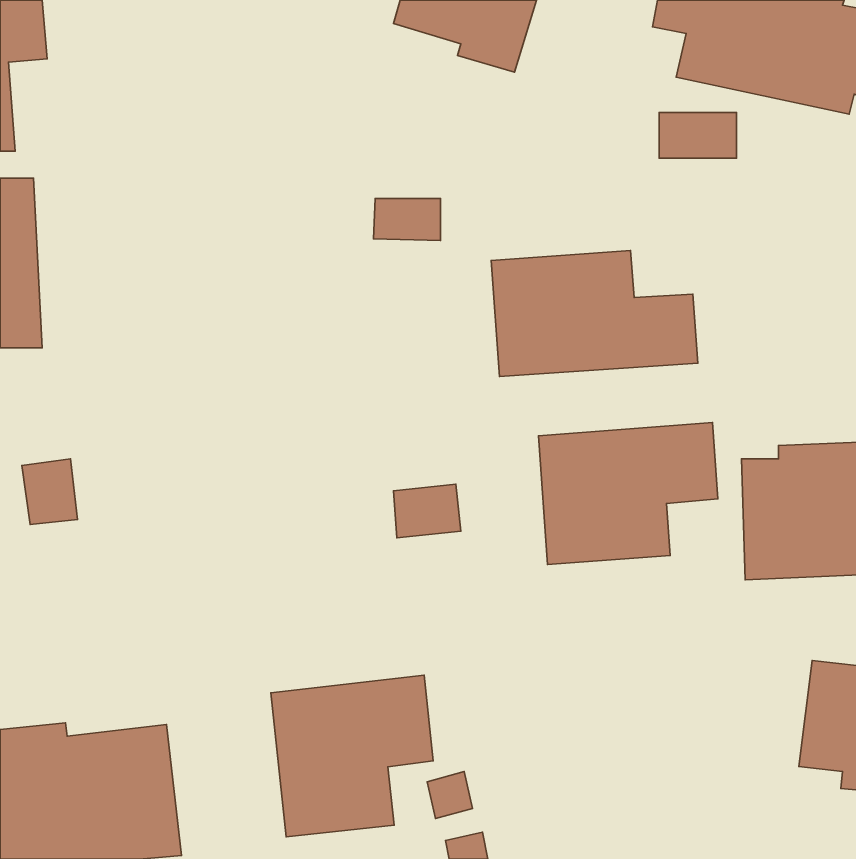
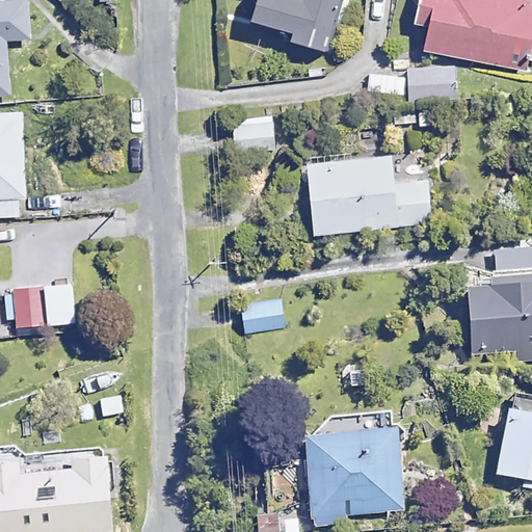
building: [538,422,718,564] -> none
building: [271,675,433,837] -> none
building: none -> [299,423,403,520]

